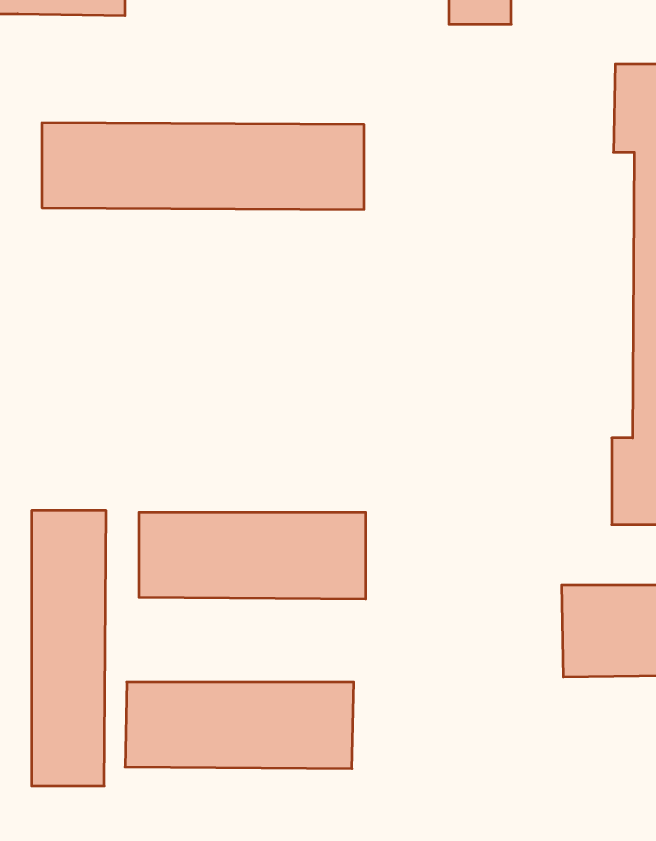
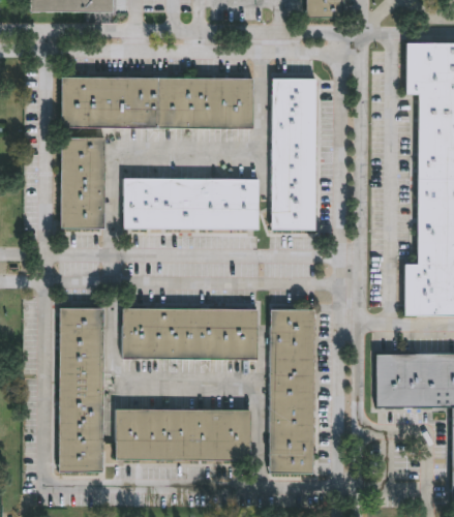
building: none -> [274,78,320,231]
building: none -> [63,136,108,229]
building: none -> [126,178,262,230]
building: none -> [269,309,313,475]

